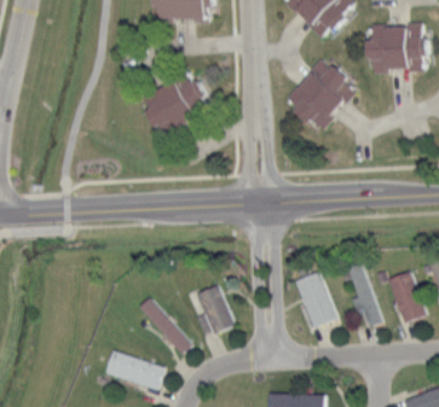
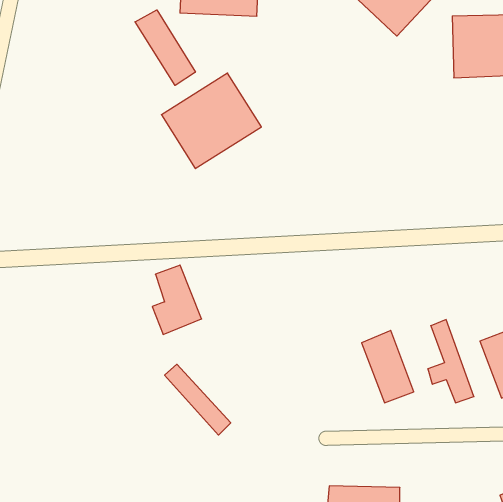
building: none -> [135,10,195,85]
building: [279,56,357,135] -> none
building: [195,284,233,338] -> [152,265,202,334]
building: [104,349,163,389] -> none

